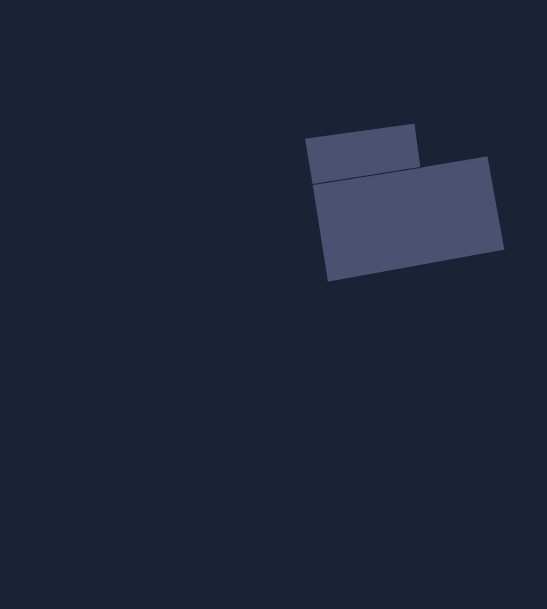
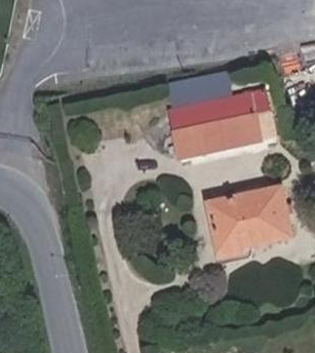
building: none -> [204,183,290,251]

